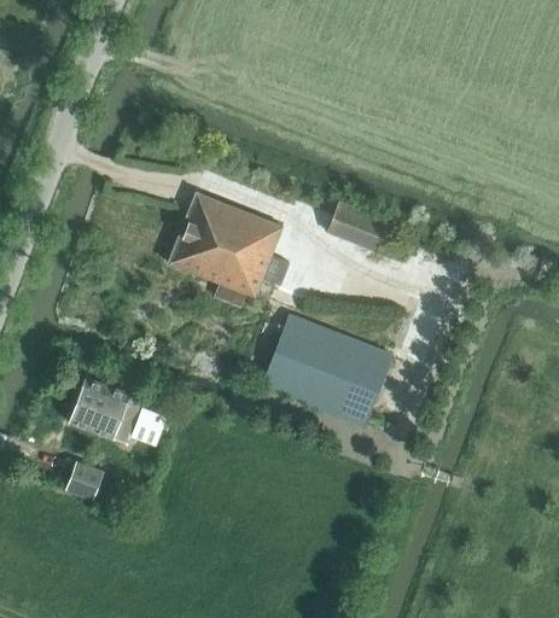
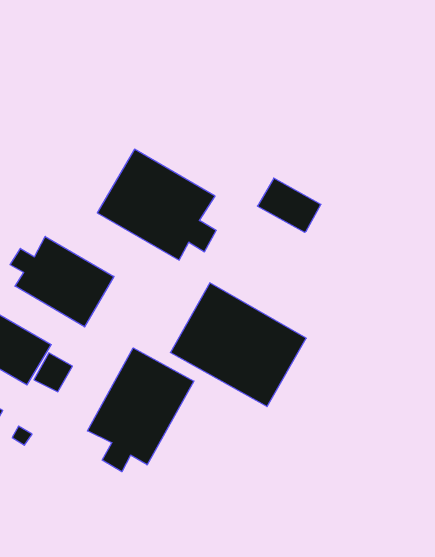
building: none -> [10,236,114,327]
building: none -> [87,348,194,472]

